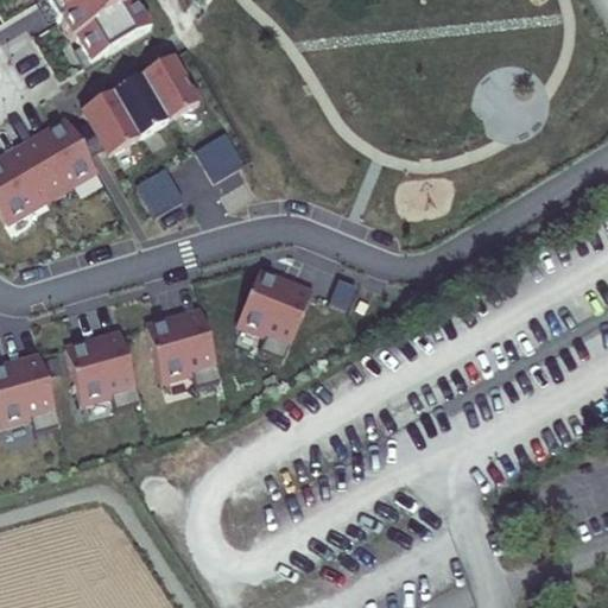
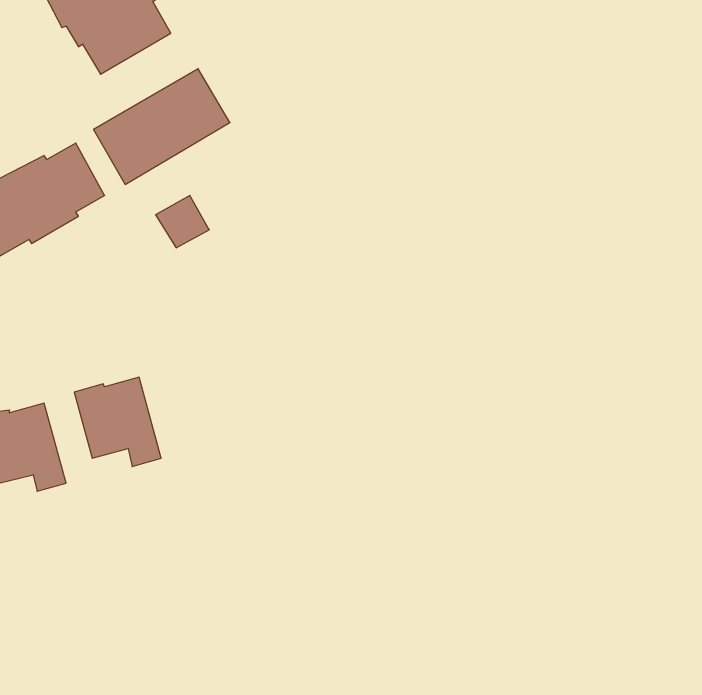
building: [195,133,241,179] -> none
building: [241,267,316,357] -> none
building: [147,303,226,380] -> none

